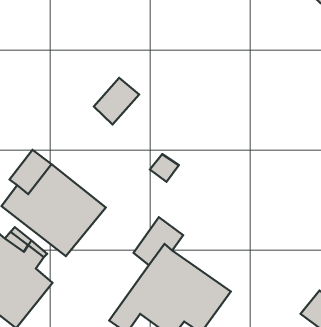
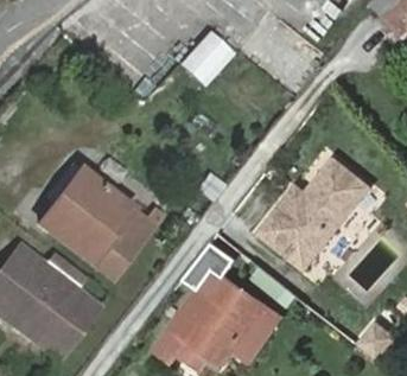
building: [94,78,139,124] -> [182,28,230,78]
building: none -> [256,154,368,267]

